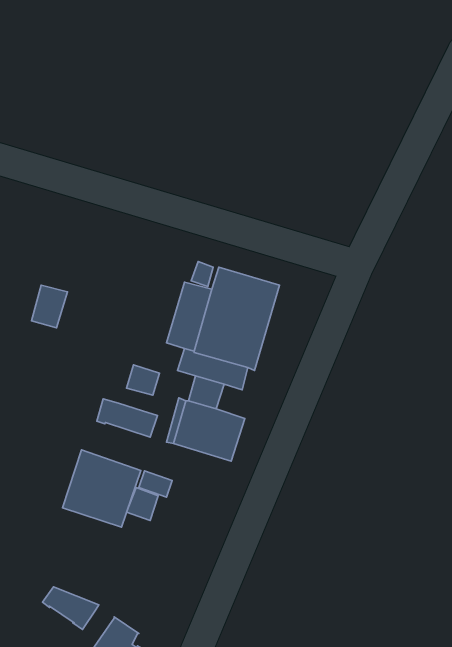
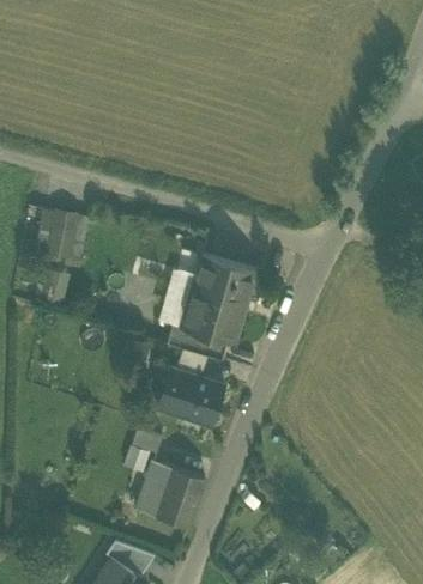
building: none -> [35,207,90,258]
building: [97,399,158,437] -> none
building: [62,450,141,527] -> [137,460,205,527]
building: [43,587,99,630] -> [105,540,155,577]

